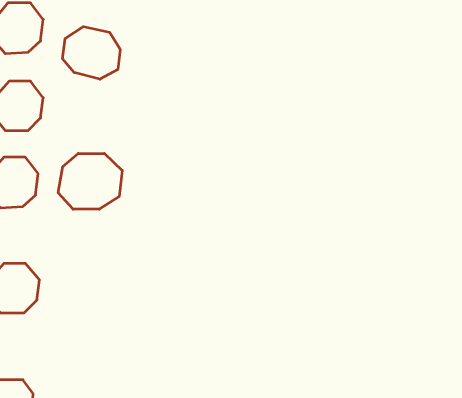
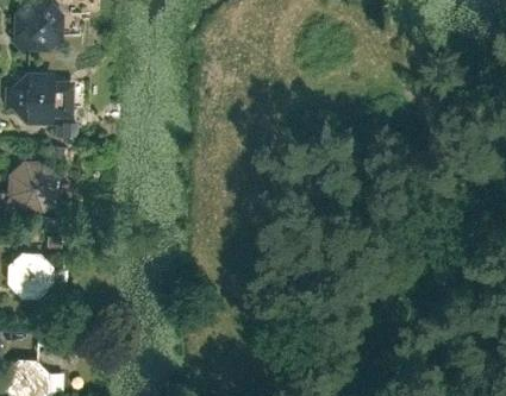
building: [63,27,120,79] -> none
building: [58,153,122,209] -> none

